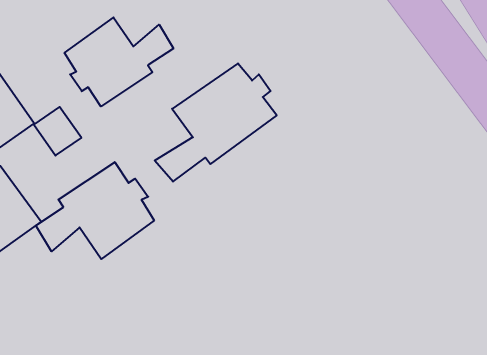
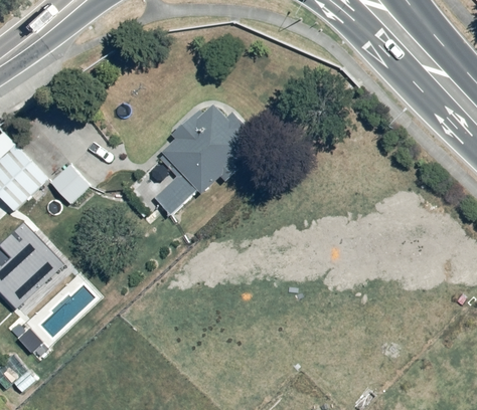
building: [65,17,173,106] -> none
building: [36,162,154,259] -> none

